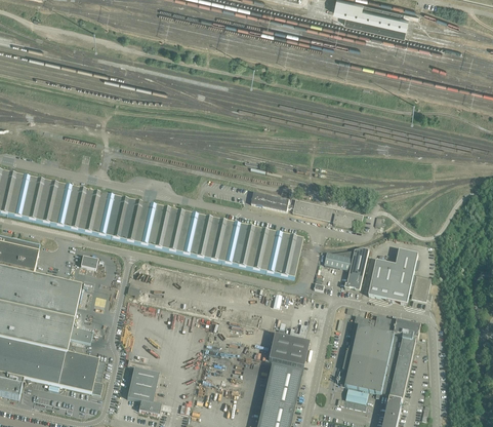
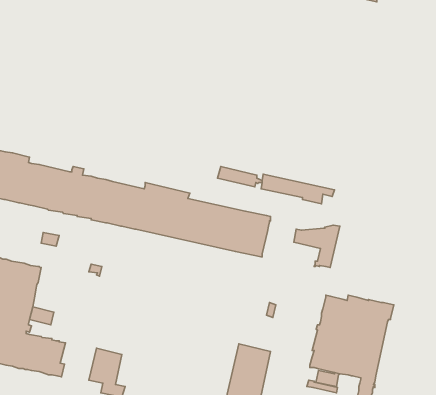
building: [368,247,432,302] -> none
building: [268,332,309,365] -> none

